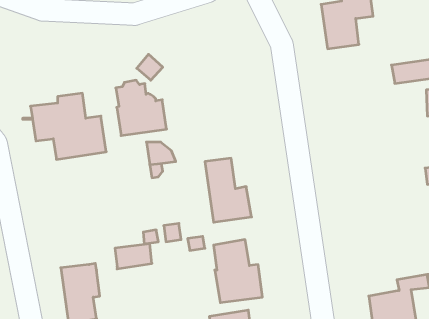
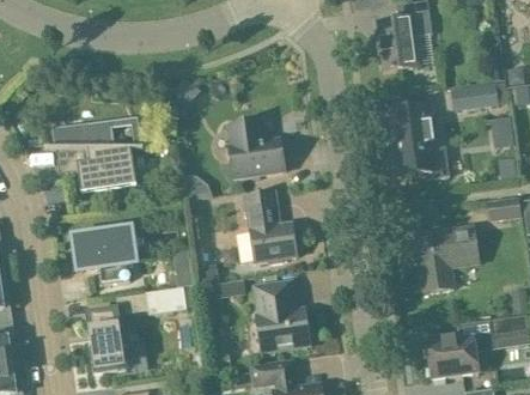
building: none -> [385,104,450,178]
building: [116,80,167,136] -> [227,116,284,177]
building: none -> [410,229,476,292]
building: none -> [75,230,133,284]

